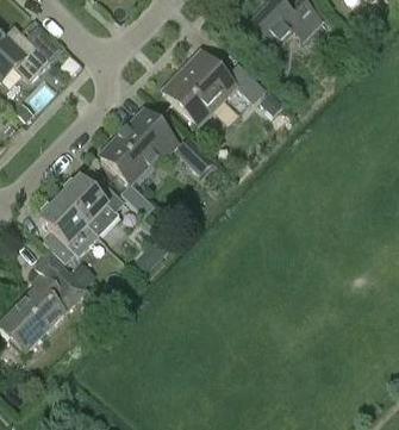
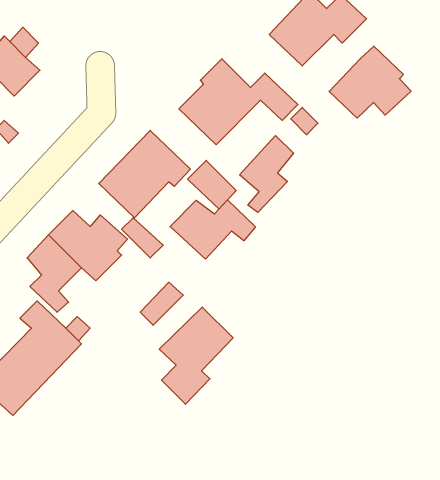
building: none -> [329,46,411,118]
building: none -> [240,136,294,212]
building: none -> [170,200,255,259]
building: none -> [159,307,233,404]

